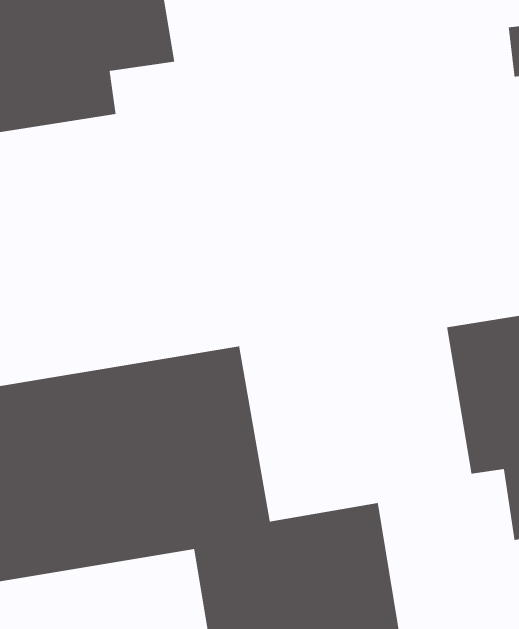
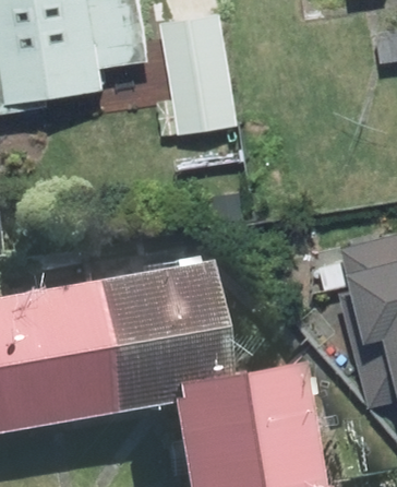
building: none -> [160,23,243,139]

